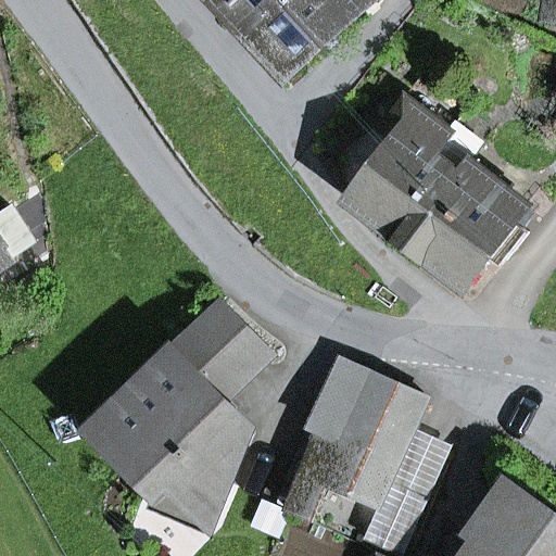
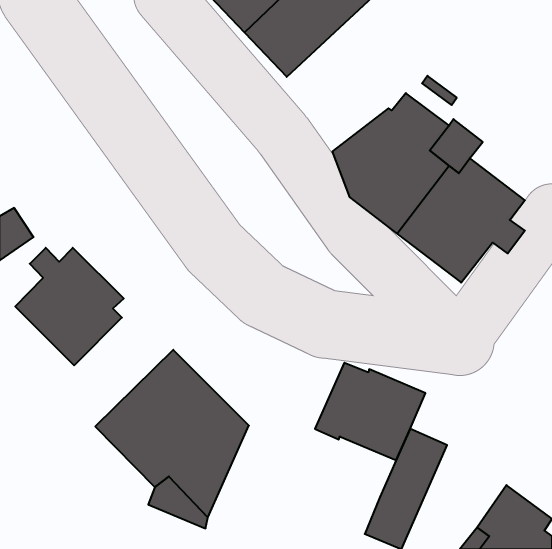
building: none -> [15,248,124,365]
building: [174,304,268,399] -> none
building: [283,430,397,516] -> none

